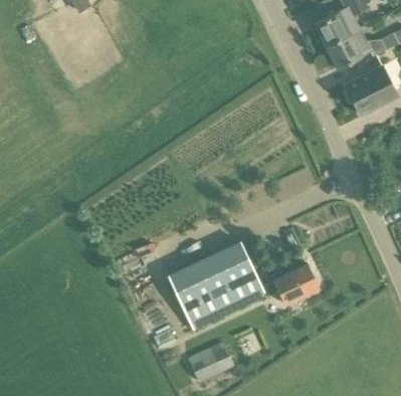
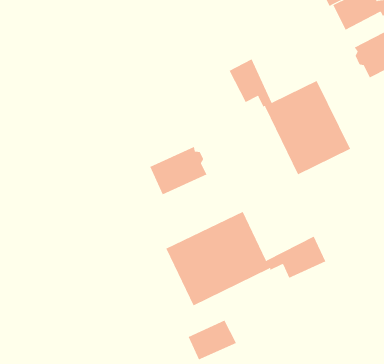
building: none -> [229,58,351,175]
building: none -> [150,146,207,195]

